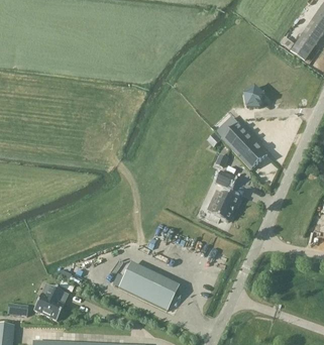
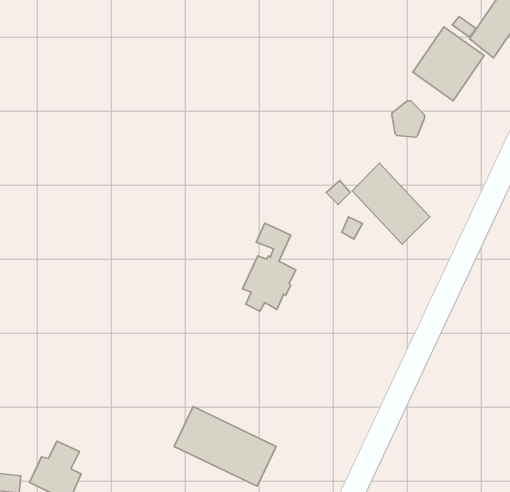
building: none -> [413,27,484,101]
building: [208,169,239,221] -> [242,223,296,311]

